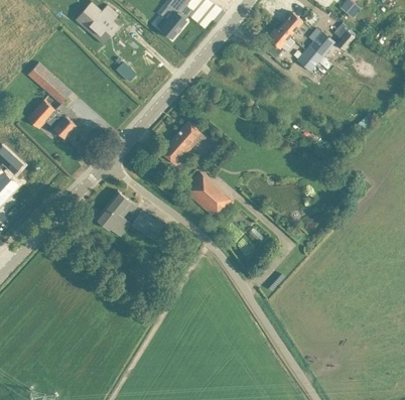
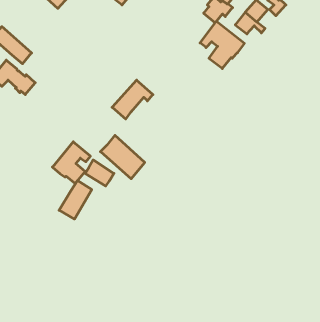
building: none -> [200,21,244,69]
building: [182,171,232,220] -> [100,135,145,179]
building: none -> [59,181,92,219]

